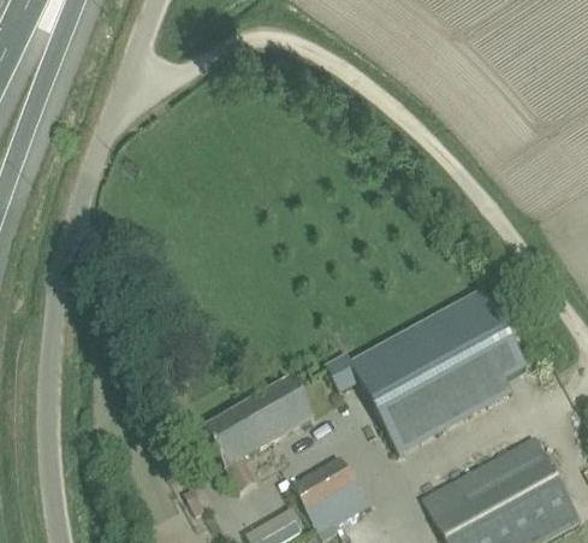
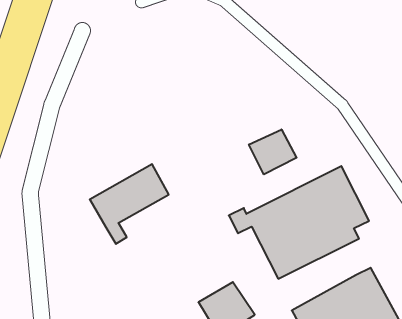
building: none -> [249,129,297,174]
building: [201,377,314,491] -> [90,164,169,244]

